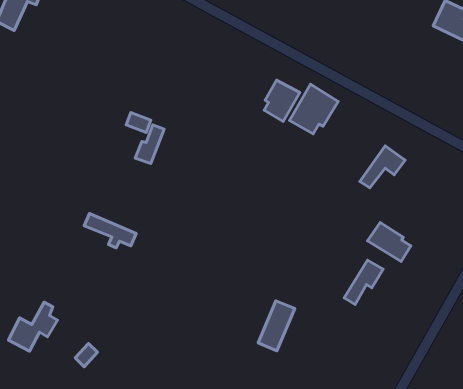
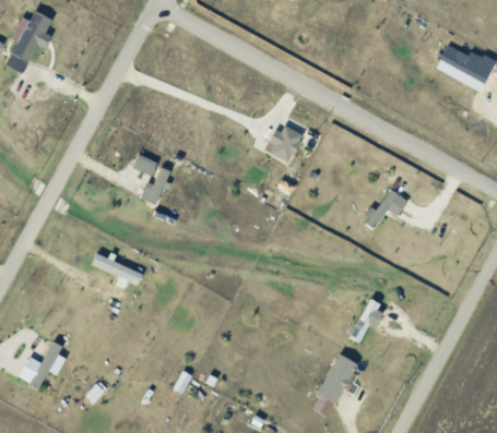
building: [290,84,338,134] -> none
building: [367,223,411,262] -> none
building: [258,301,295,351] -> [320,353,356,402]

